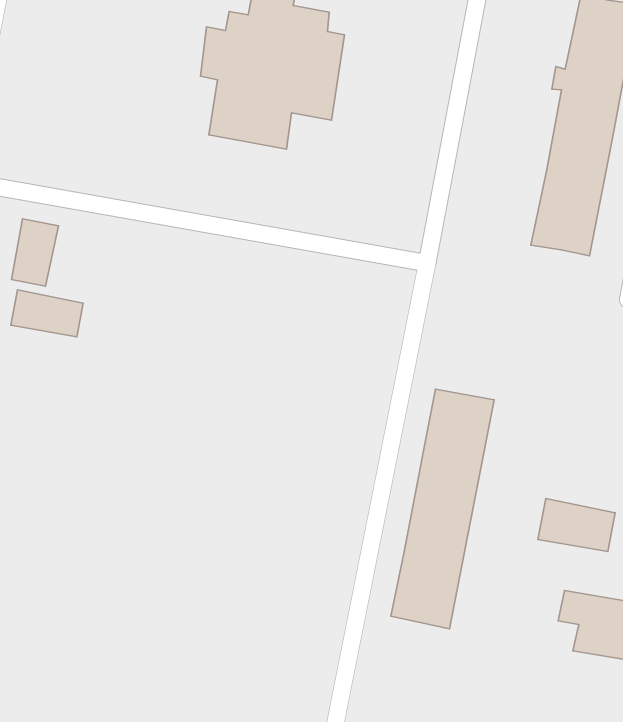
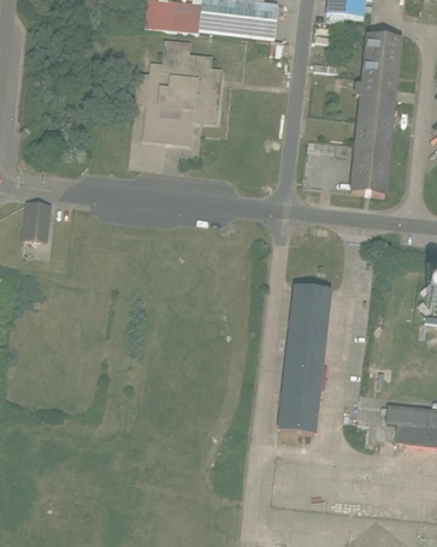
building: [11,290,83,337] -> none
building: [538,499,615,552] -> none

